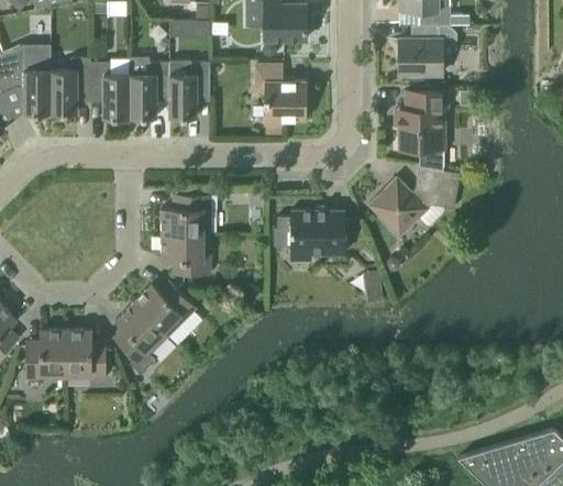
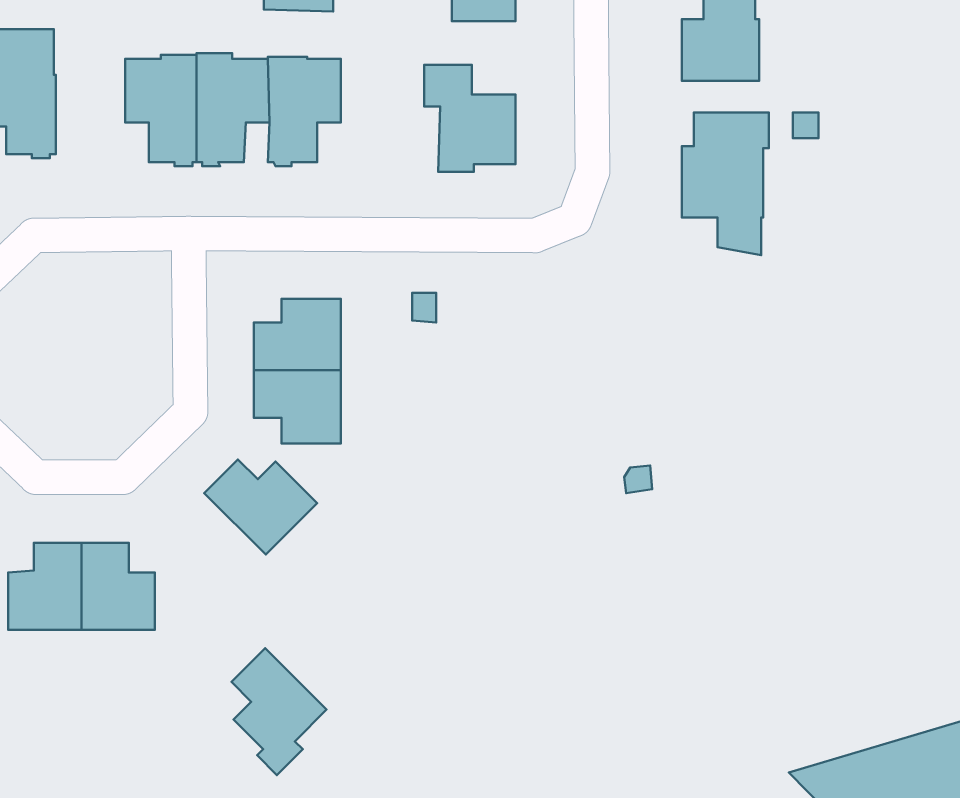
building: [52,57,91,117] -> none
building: [368,166,460,236] -> none
building: [274,210,344,261] -> none
building: [115,302,168,373] -> [231,648,326,775]

